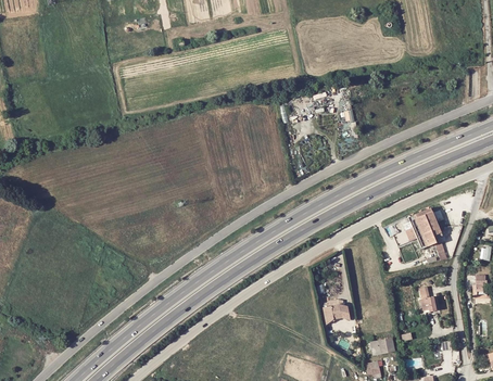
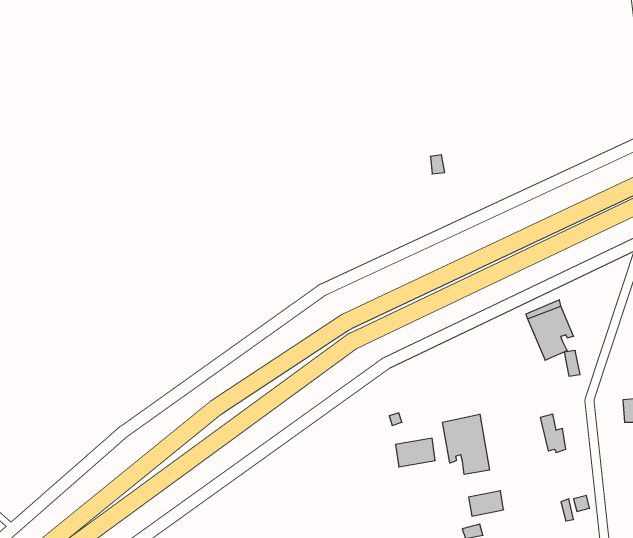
building: none -> [443,414,490,474]

